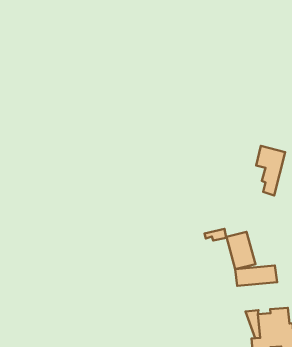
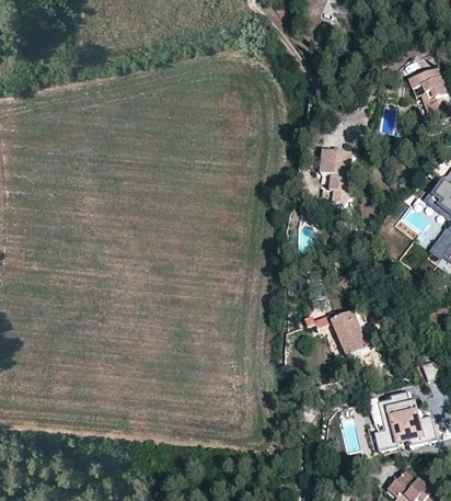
building: [256,146,285,195] -> [321,146,351,200]
building: [235,265,277,286] -> none

